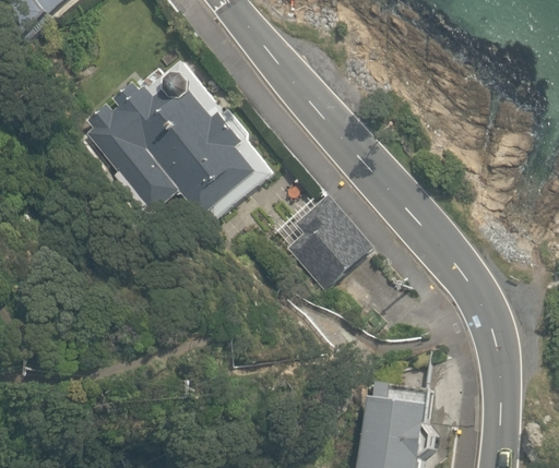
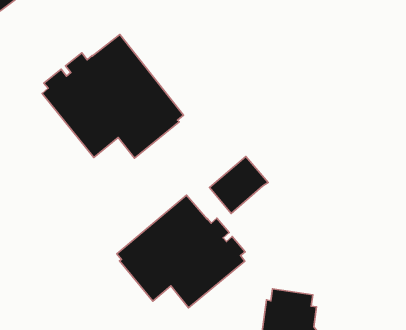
building: none -> [117,195,245,308]

